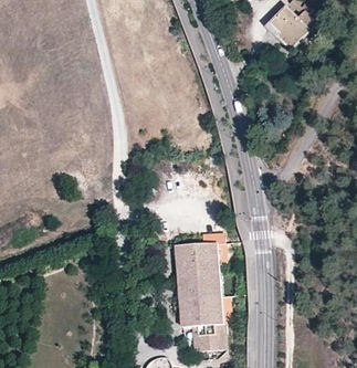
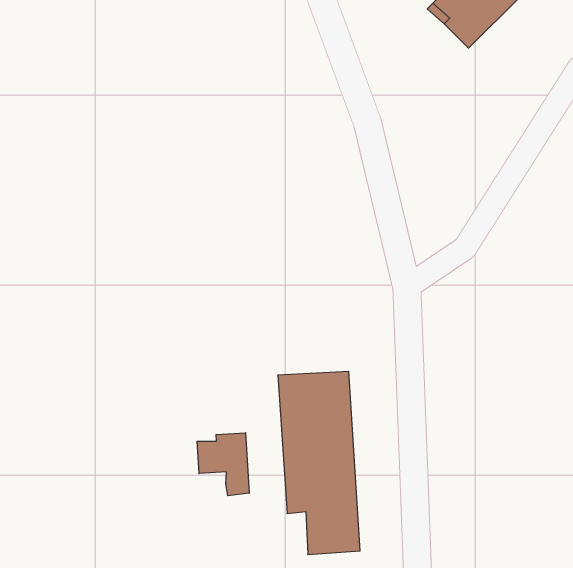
building: none -> [197,433,249,496]

